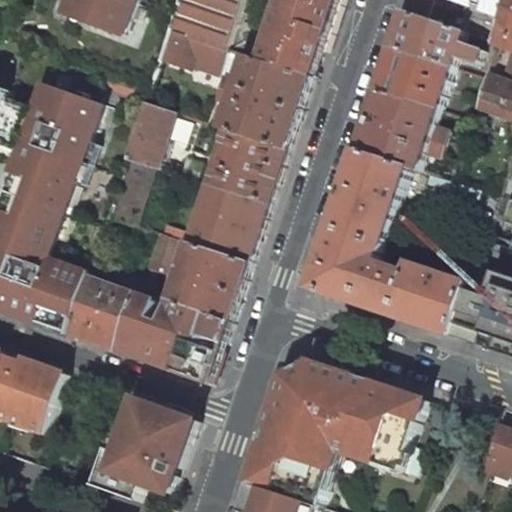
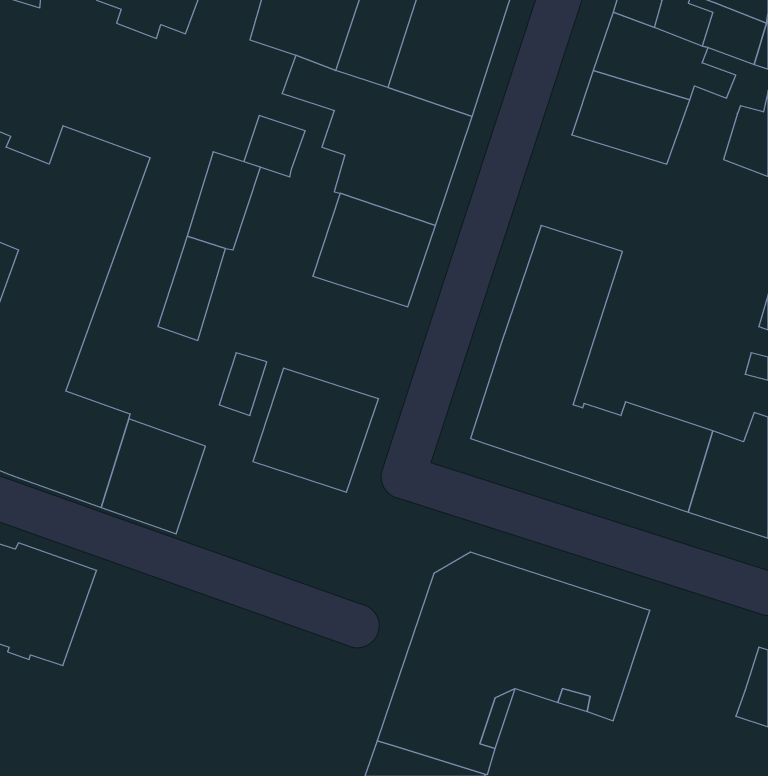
building: [153,26,193,66] -> [244,116,305,177]
building: [353,88,445,167] -> none
building: [185,180,266,260] -> none
building: [115,291,226,381] -> none
building: [99,397,194,501] -> none

